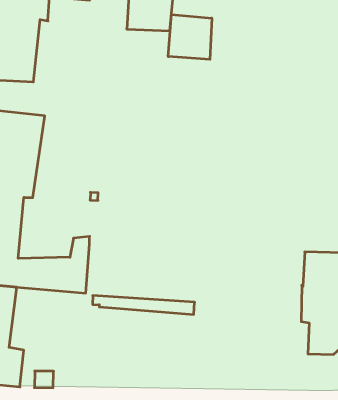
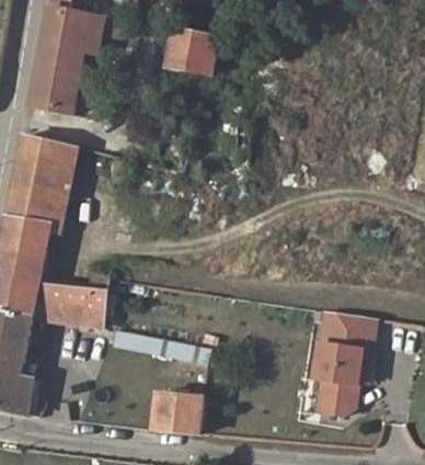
building: [168,14,212,59] -> none
building: none -> [153,390,200,434]

